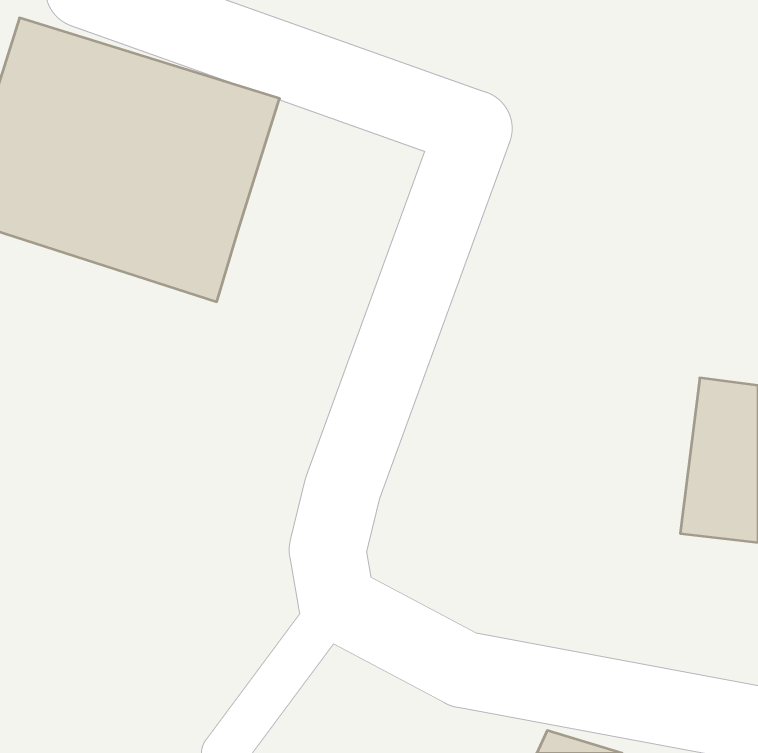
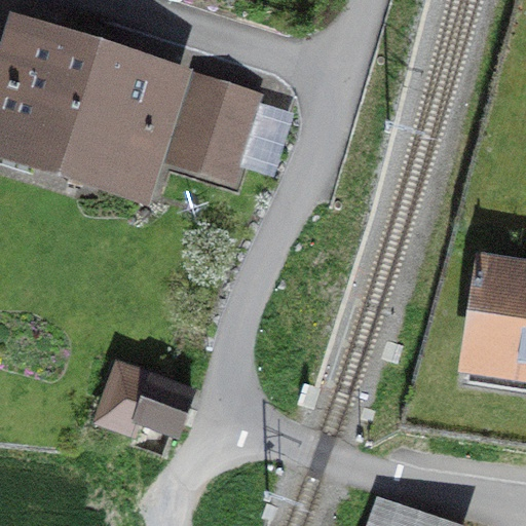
building: none -> [163,68,254,179]
building: none -> [92,371,196,441]

